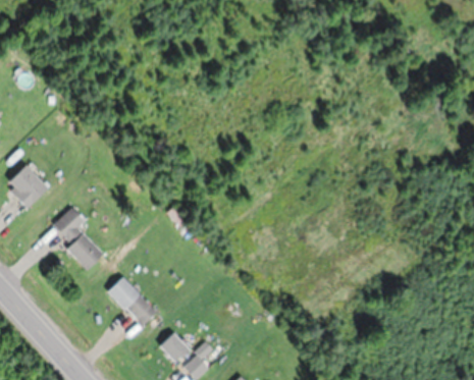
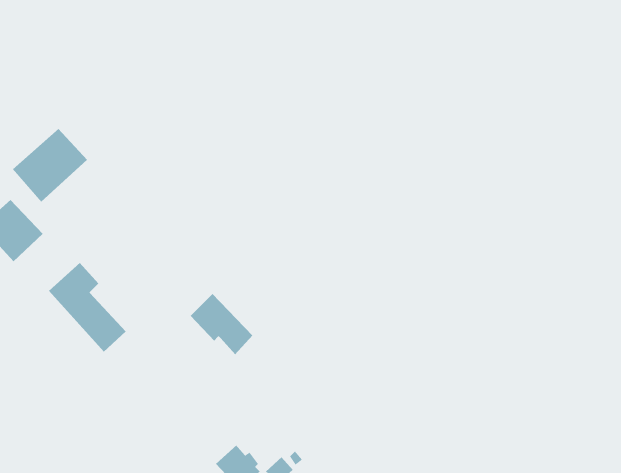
building: none -> [12,128,88,202]
building: [110,277,153,319] -> [190,293,253,355]

